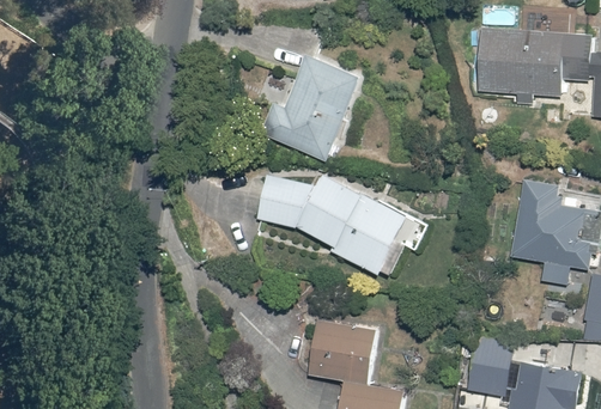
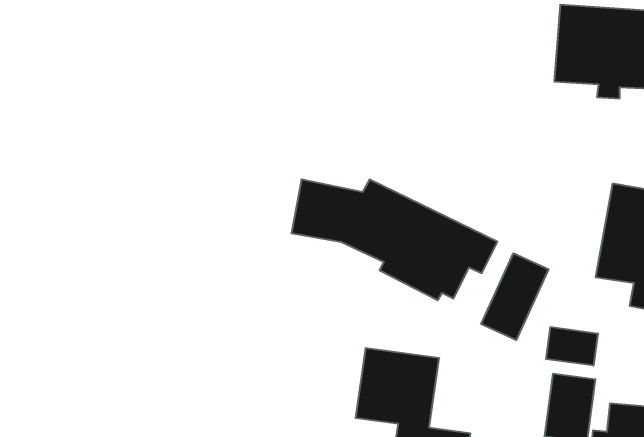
building: [259,55,360,160] -> none
building: none -> [481,253,549,340]
building: none -> [546,327,598,366]

